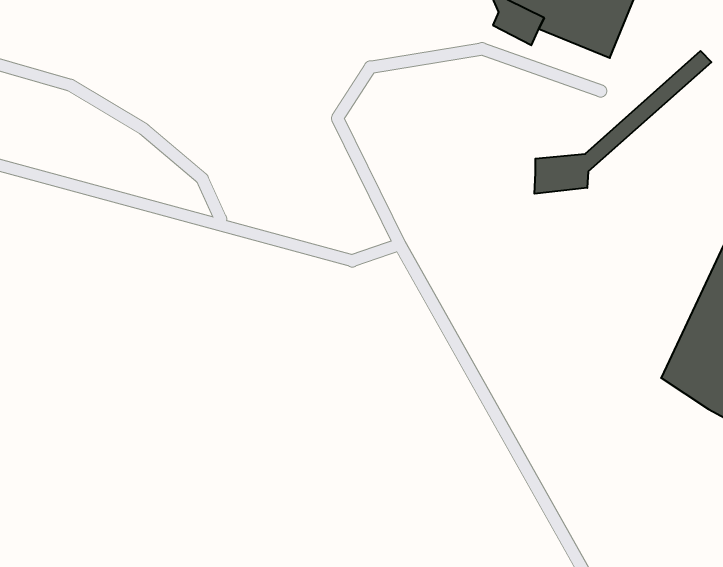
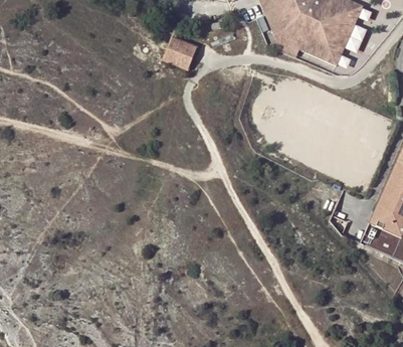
building: none -> [162,36,196,68]
building: [534,51,711,194] -> none

